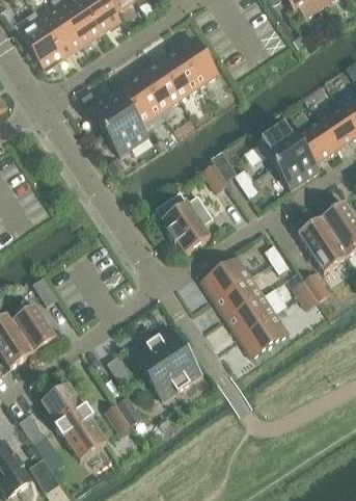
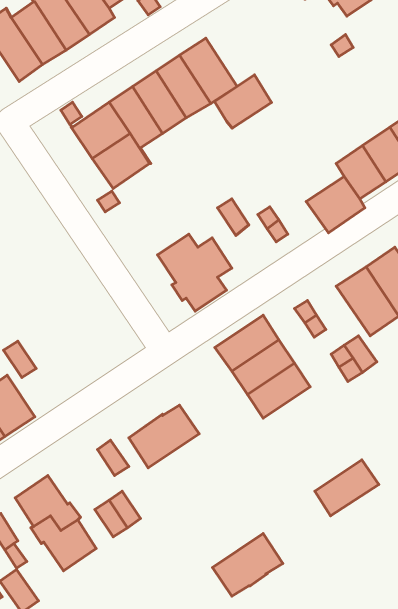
building: none -> [215,75,272,128]
building: [257,121,303,165] -> none
building: [239,313,290,358] -> [315,460,379,516]
building: [147,350,203,400] -> [212,534,283,596]

